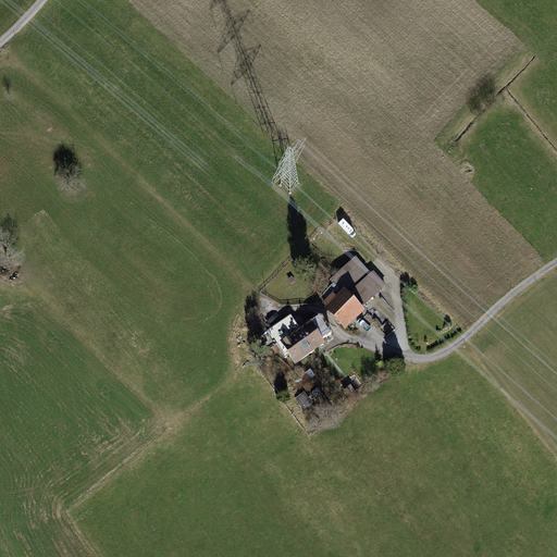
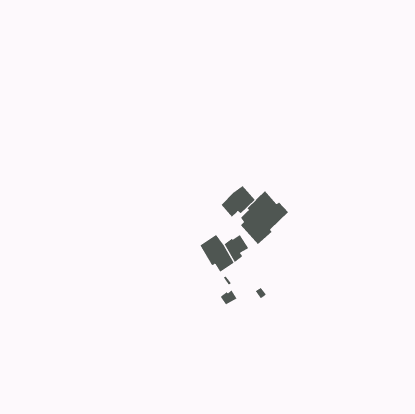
building: none -> [221,185,255,218]

